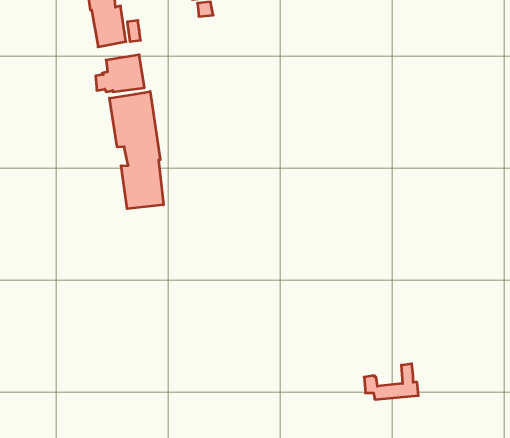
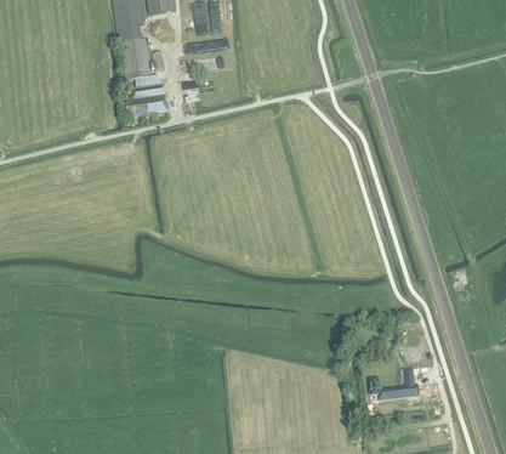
building: [109,91,163,209] -> none

